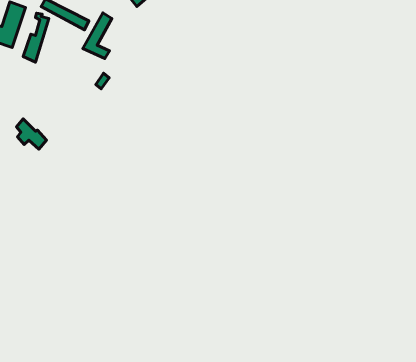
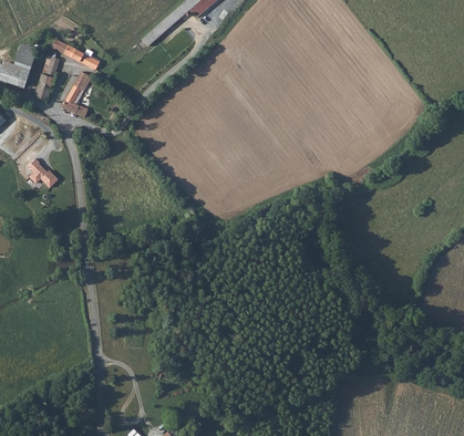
building: [83,13,112,58] -> [62,73,91,118]

